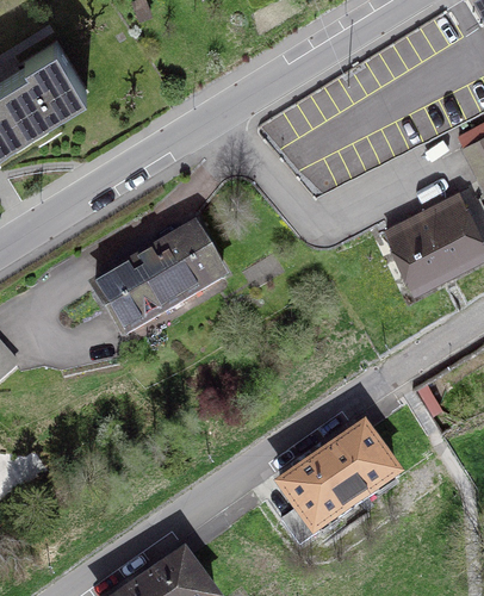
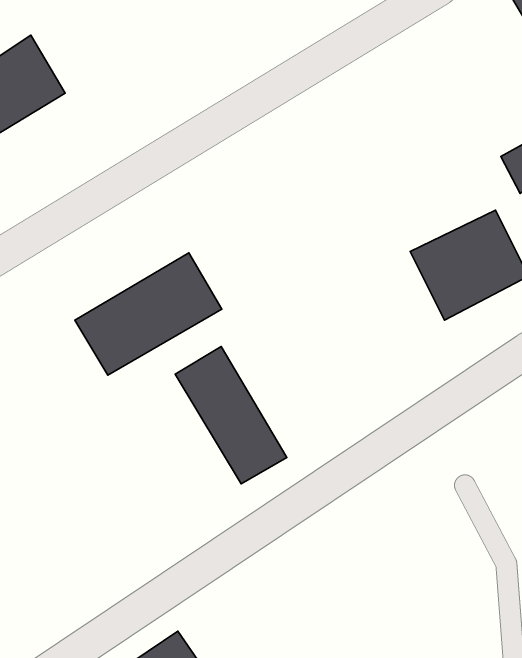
building: none -> [175,347,287,484]
building: [281,427,397,541] -> none

